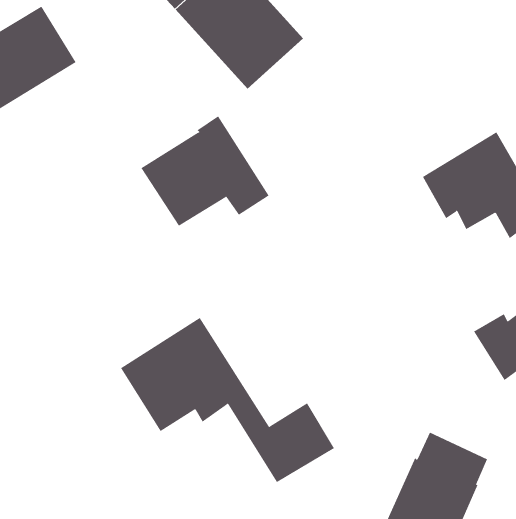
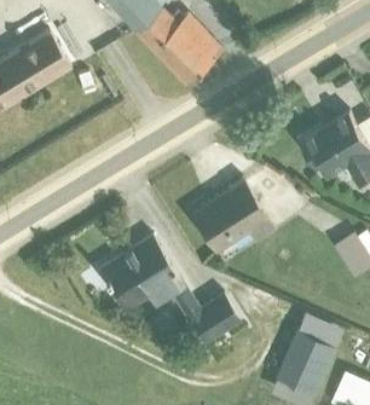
building: [140,116,270,227] -> [191,178,277,251]

